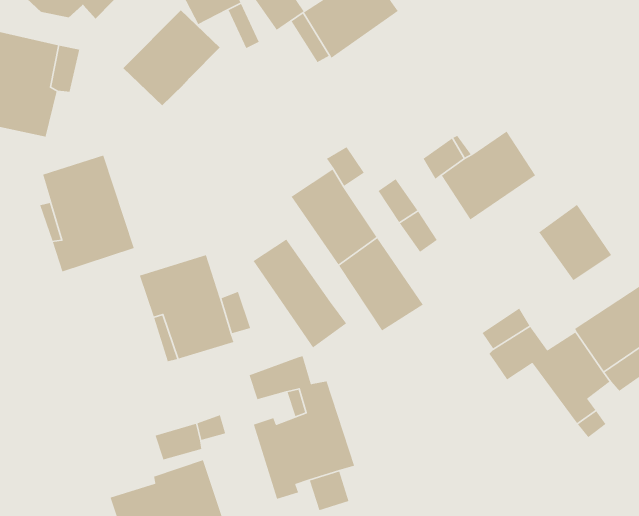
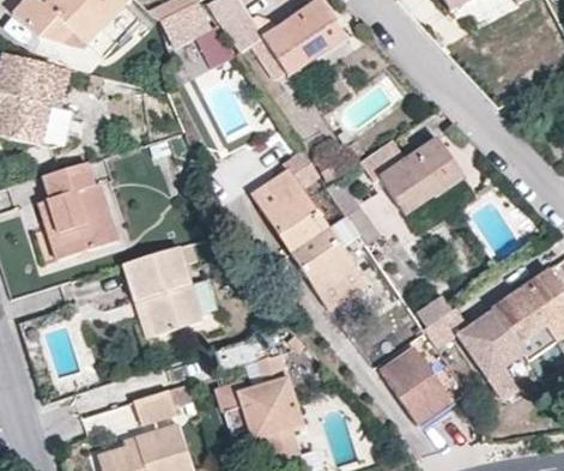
building: [123,9,220,106] -> none
building: [538,204,612,281] -> none
building: [252,238,347,349] -> none
building: none -> [383,337,465,423]

